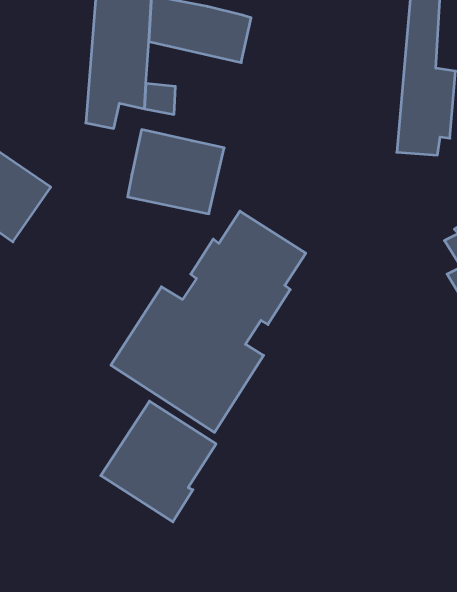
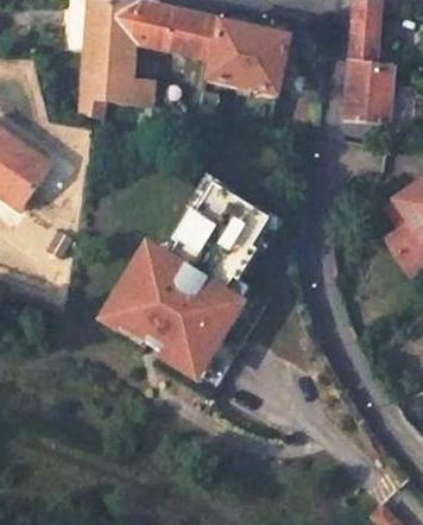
building: [128,130,224,214] -> [208,20,290,91]
building: [101,401,216,522] -> none

